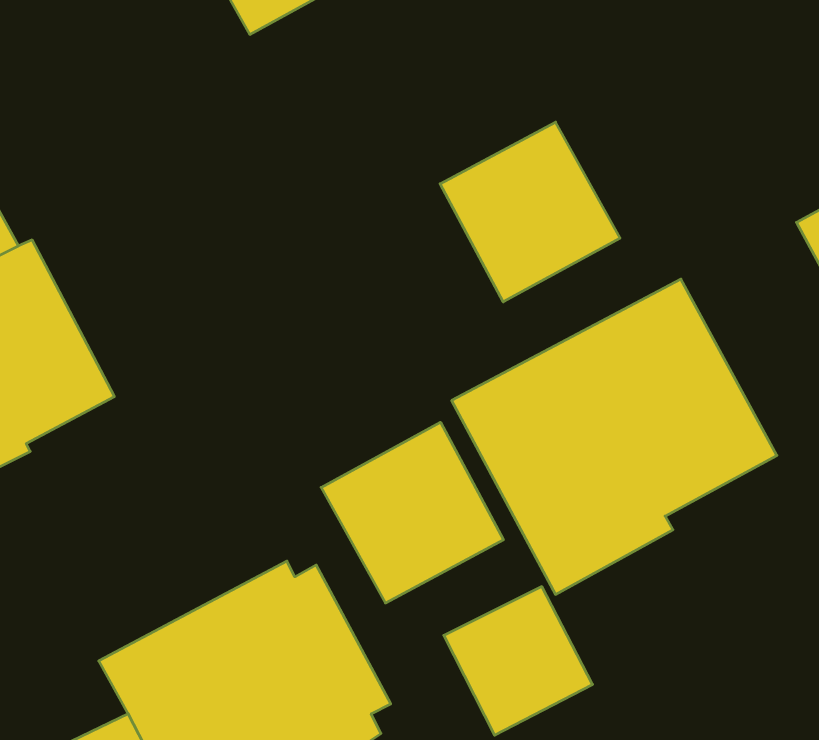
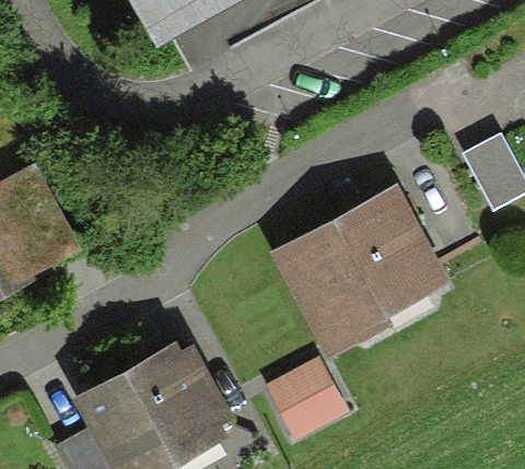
building: [440,122,620,302] -> none
building: [321,422,503,603] -> none

